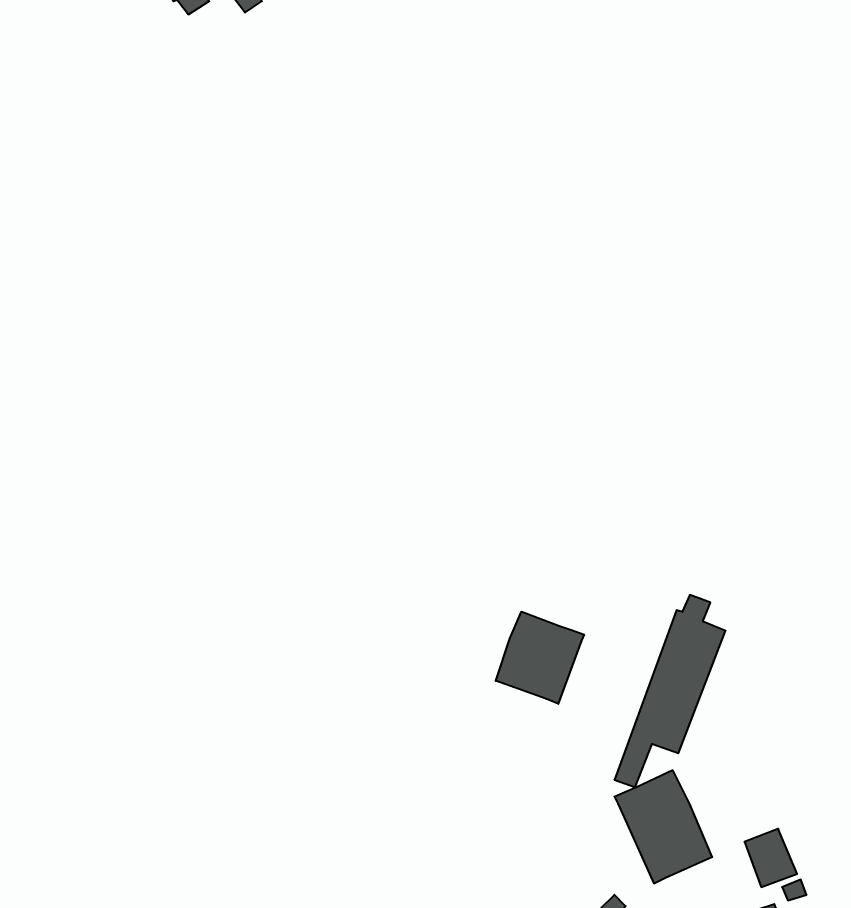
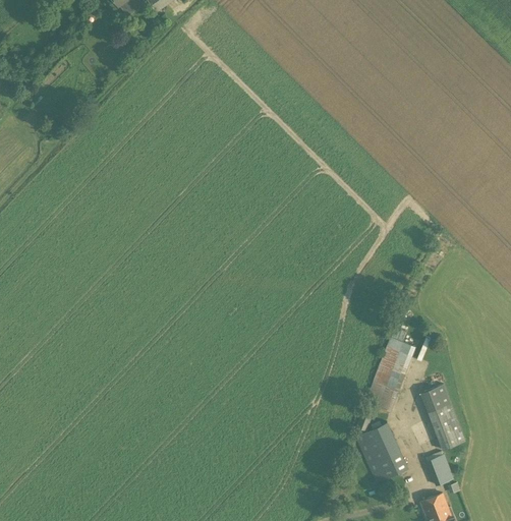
building: [496,612,584,704] -> none
building: none -> [420,384,465,449]

